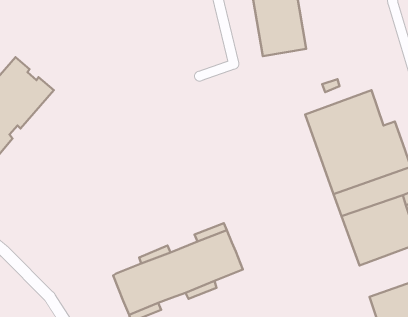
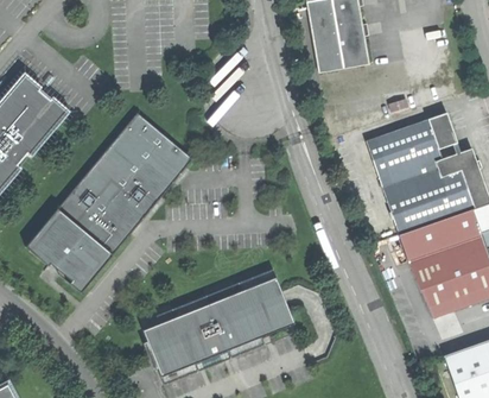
building: none -> [26,113,192,291]

